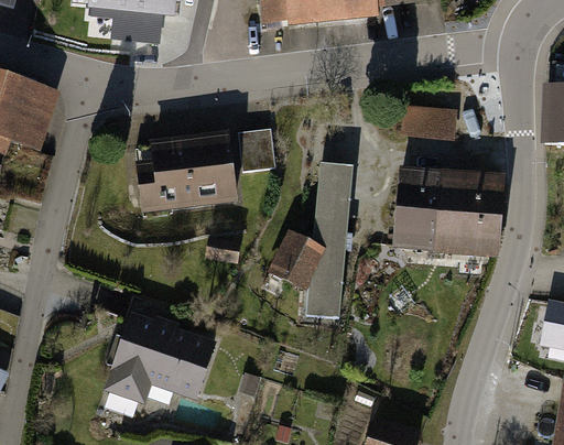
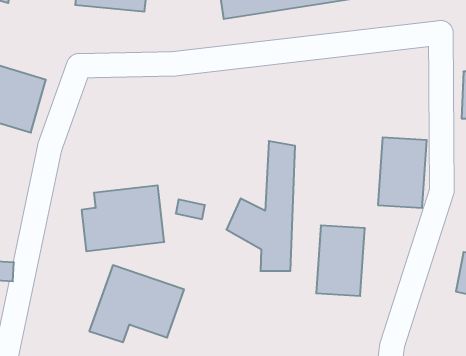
building: [411,101,458,134] -> none
building: [240,130,276,170] -> none
building: [141,135,238,213] -> [82,185,164,251]
building: [393,162,451,245] -> [316,225,365,296]

